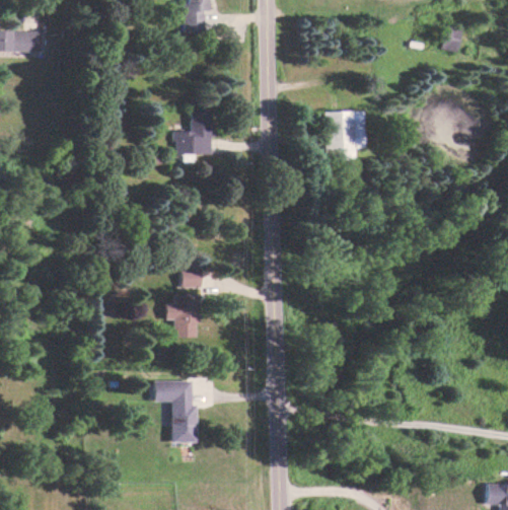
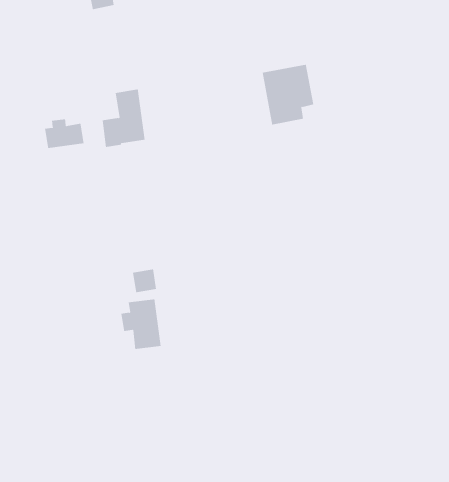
building: none -> [44,119,84,149]
building: [154,380,197,442] -> none

